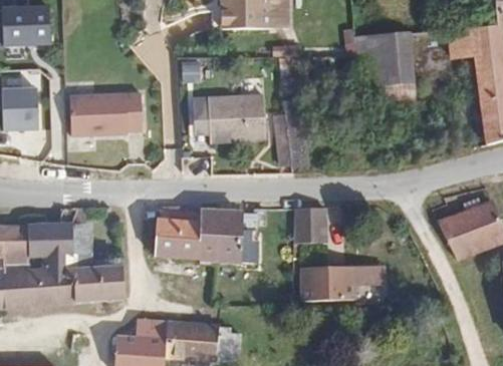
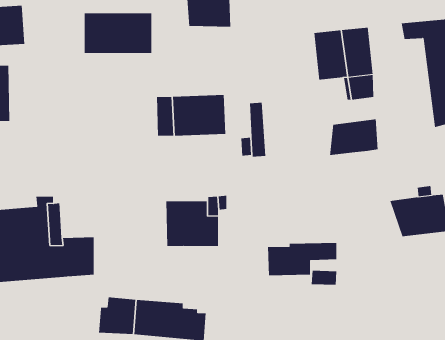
building: [65,93,138,136] -> [84,13,152,54]
building: none -> [330,119,378,156]
building: [158,210,201,263] -> none
building: [289,211,320,249] -> none

